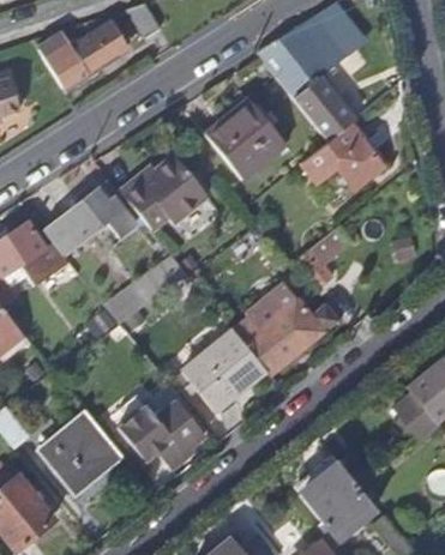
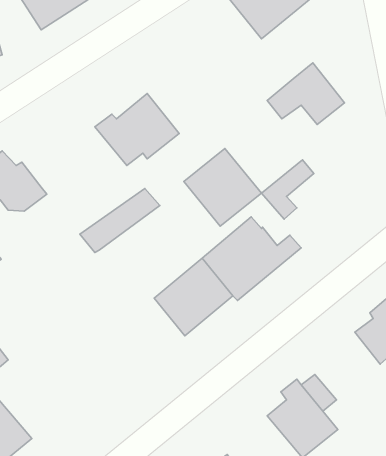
building: [296,78,355,140] -> none
building: [202,93,283,175] -> [184,148,261,226]
building: [40,181,133,254] -> none
building: [121,393,205,464] -> none
building: [42,410,124,491] -> none

